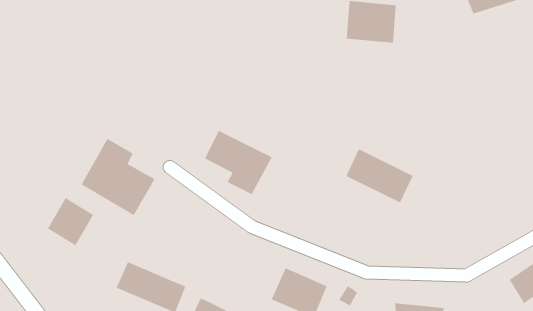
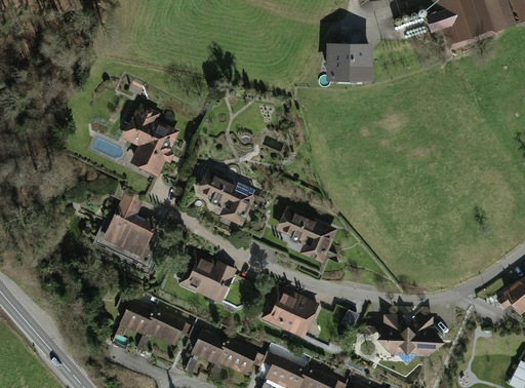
building: none -> [123,103,174,171]
building: [346,149,414,203] -> [282,211,346,260]
building: [47,197,94,246] -> none
building: none -> [190,259,243,308]

